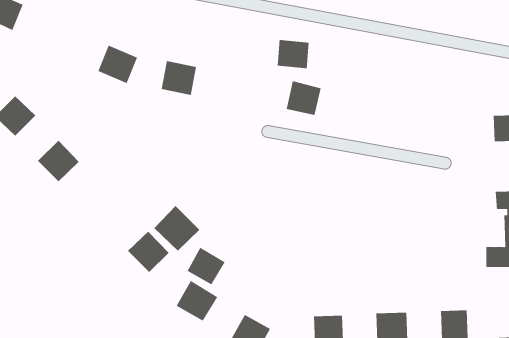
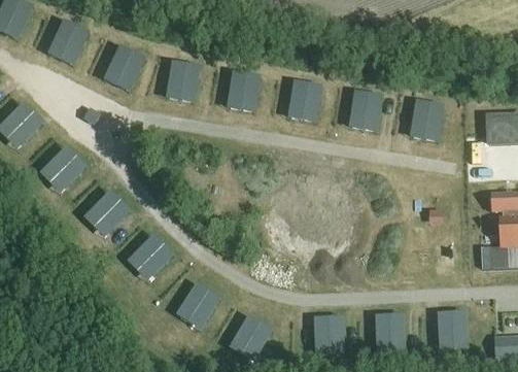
building: none -> [48,27,88,64]
building: [277,39,310,69] -> [229,79,261,108]
building: none -> [349,98,382,129]
building: none -> [411,110,443,138]
building: none -> [90,190,131,230]
building: [154,205,200,252] -> none
building: [187,247,226,285] -> none

